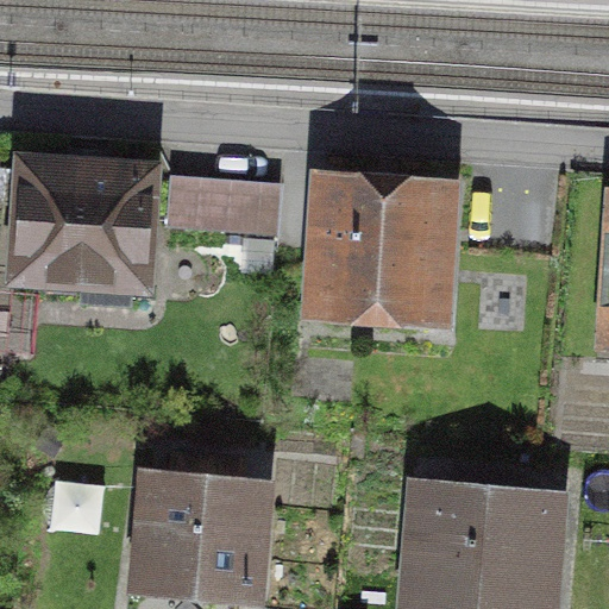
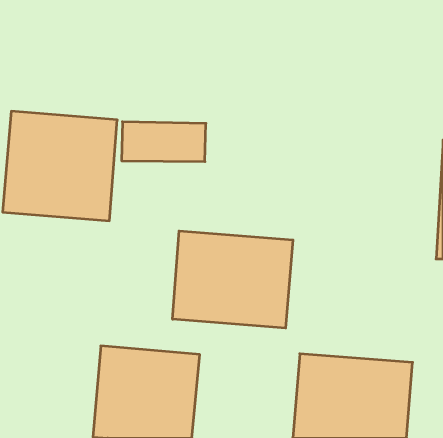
building: [299,170,462,328] -> none
building: none -> [173,231,293,328]

